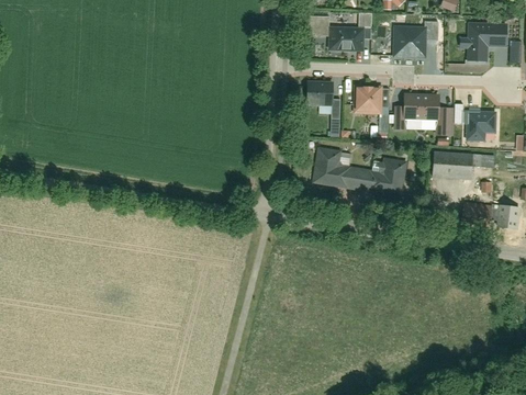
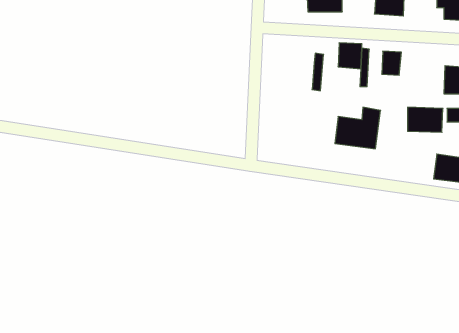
building: [305,79,336,105] -> none
building: [424,94,454,134] -> none
building: [315,142,359,191] -> none

